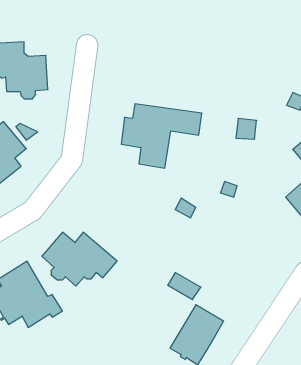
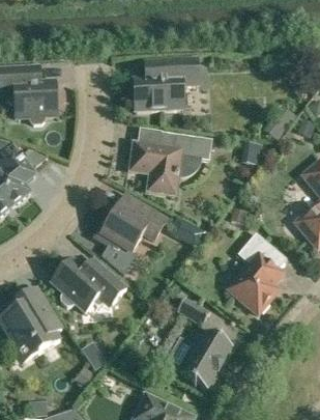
building: none -> [134,59,198,111]
building: none -> [94,194,166,252]
building: none -> [228,232,286,313]

